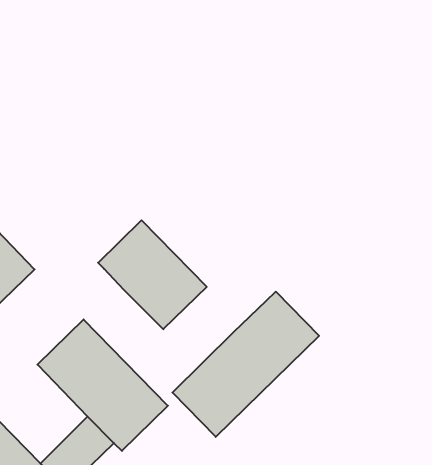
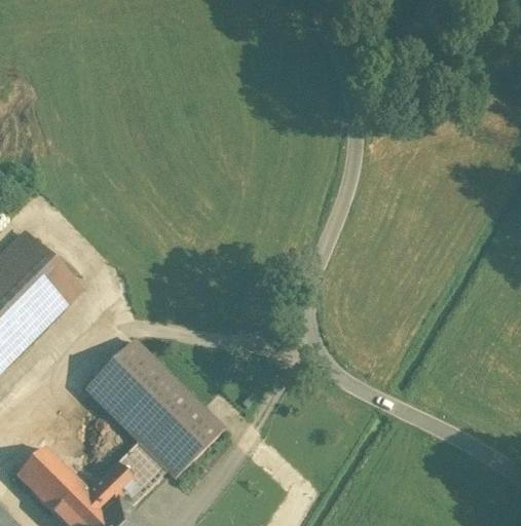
building: [98,220,207,329] -> none
building: [172,292,319,437] -> none

